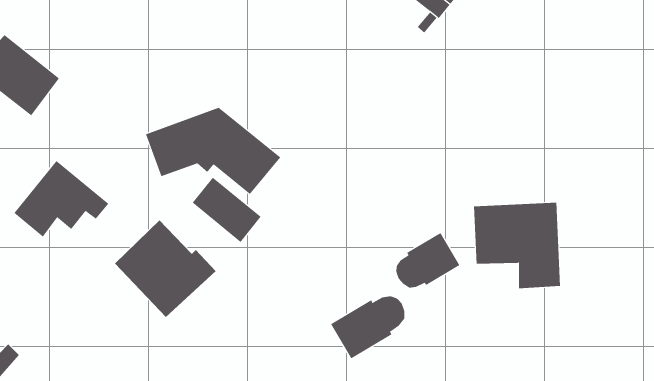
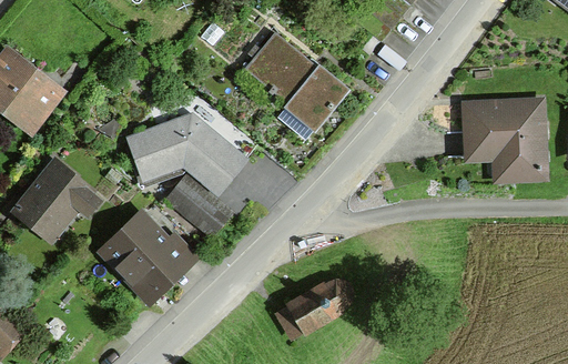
building: none -> [245,33,348,125]
building: [473,202,561,289] -> [467,103,542,178]
building: [396,232,460,288] -> none

